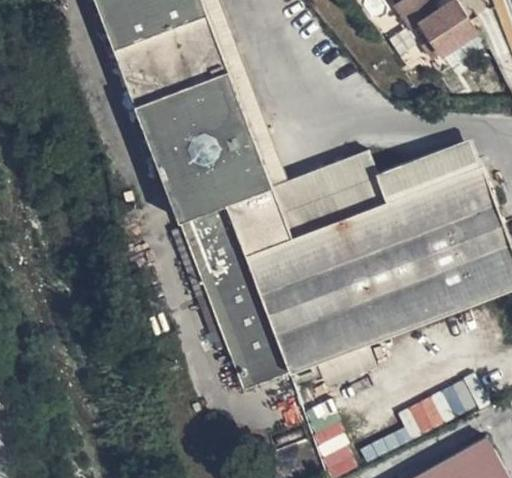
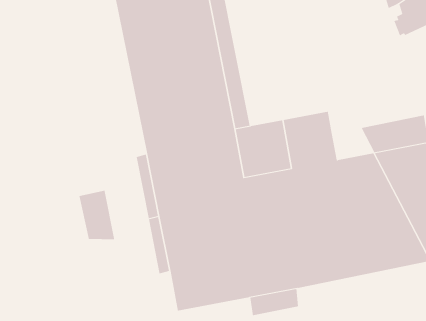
building: [375,162,422,200] -> none
building: none -> [79,190,115,240]

